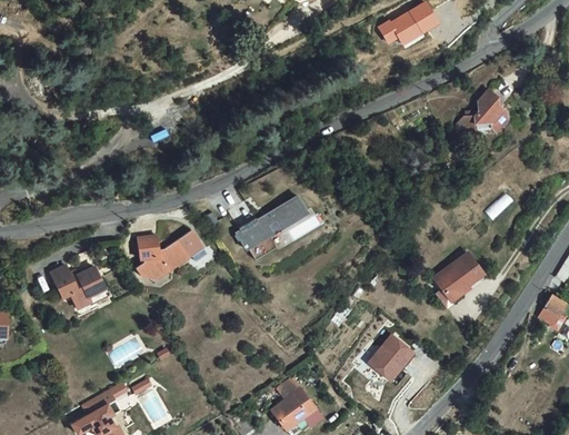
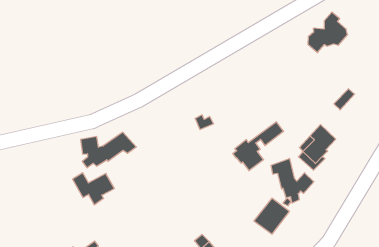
building: [237,195,308,258] -> [233,122,284,171]
building: [49,261,104,306] -> [73,173,114,205]
building: none -> [271,158,314,203]

